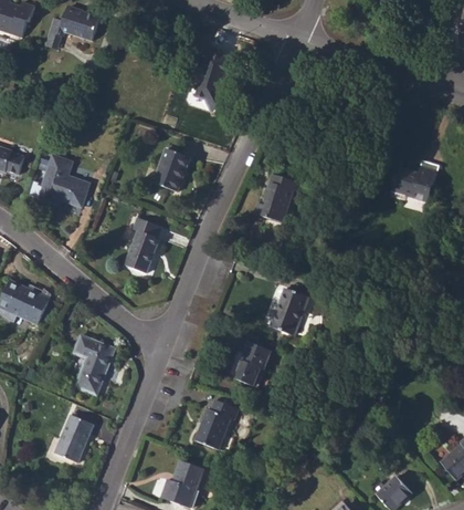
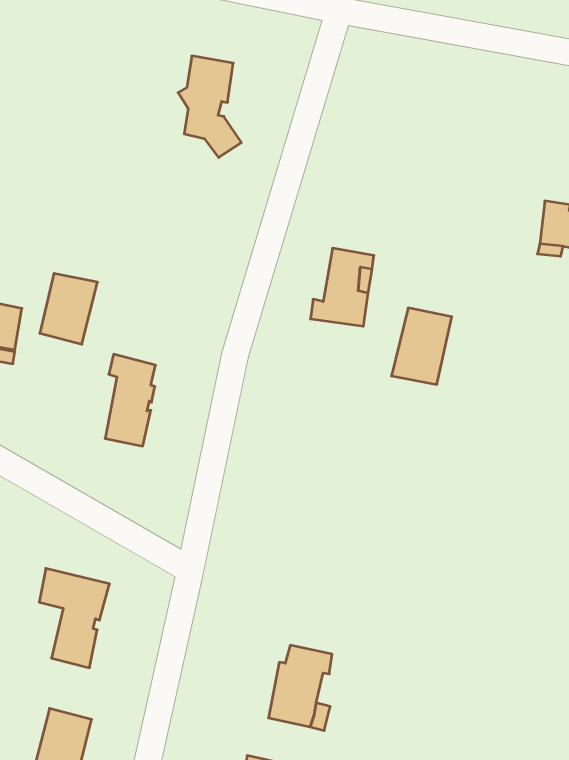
building: [152,148,190,191] -> [40,273,98,344]
building: [268,289,308,335] -> [391,308,452,384]
building: [233,342,271,387] -> none

